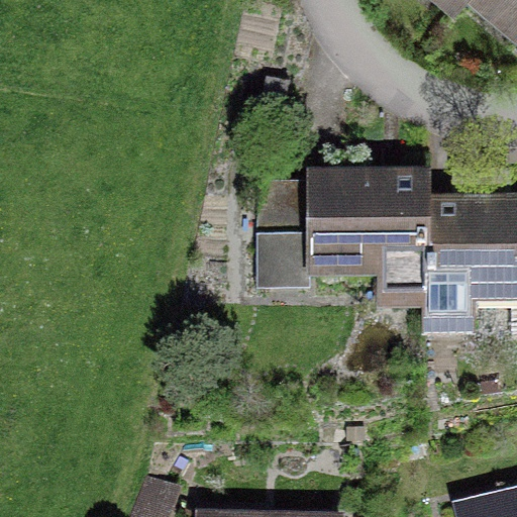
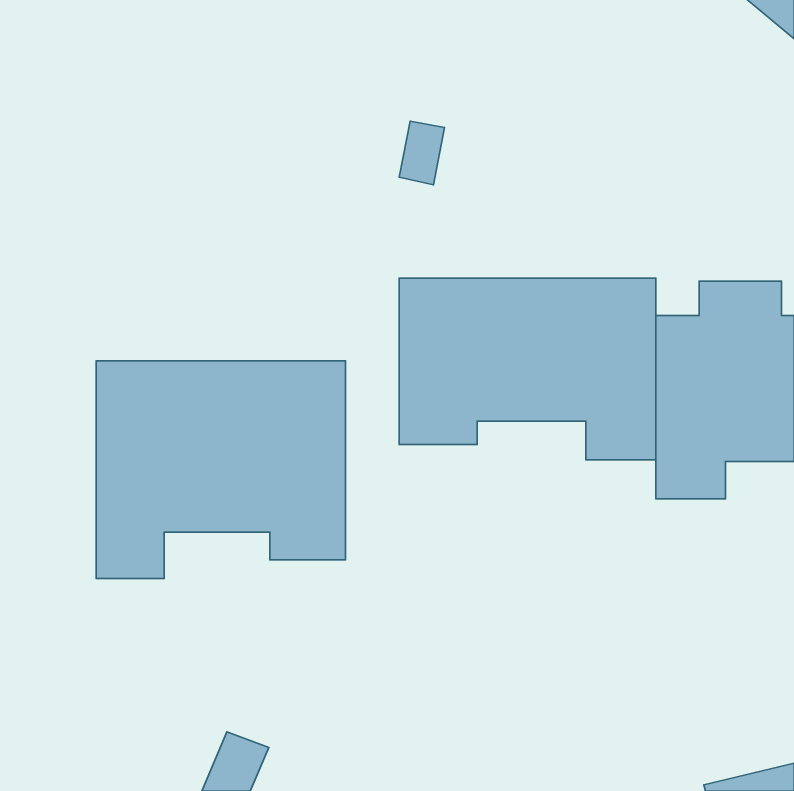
building: none -> [96,361,345,579]

